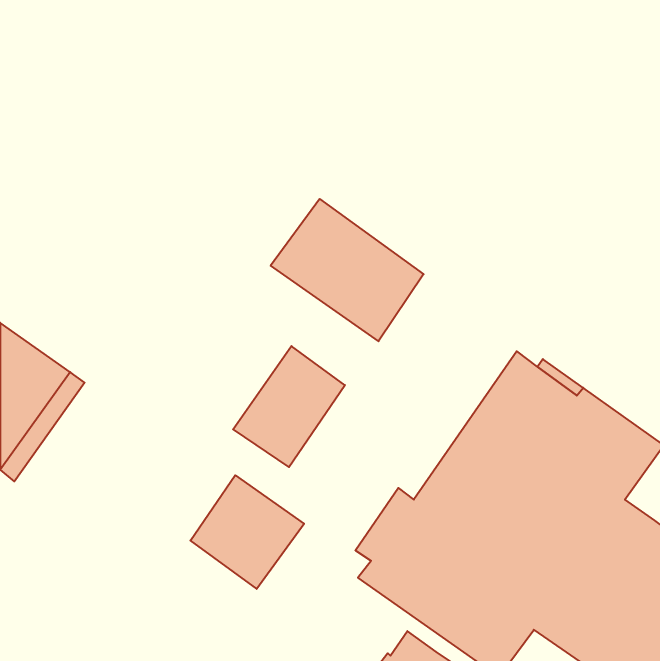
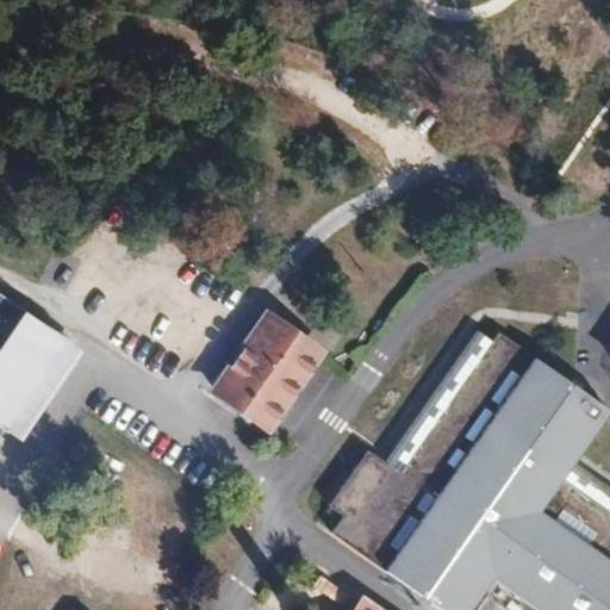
building: [271,199,424,341] -> none
building: [190,475,304,589] -> none

